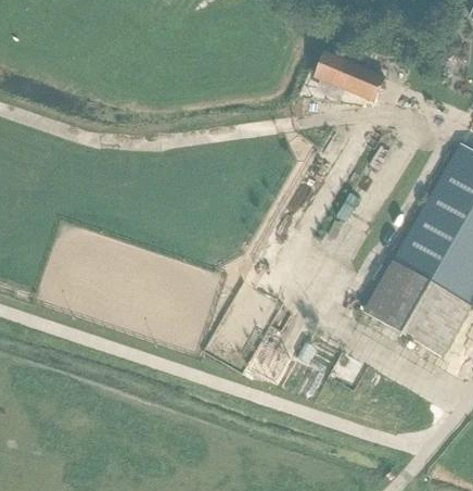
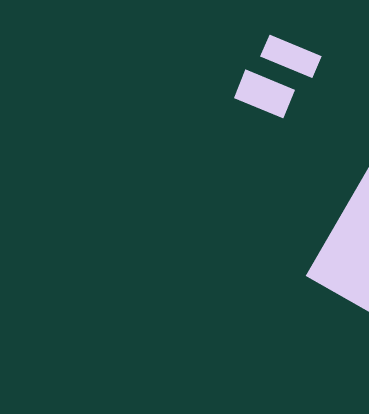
building: none -> [233,68,296,120]

